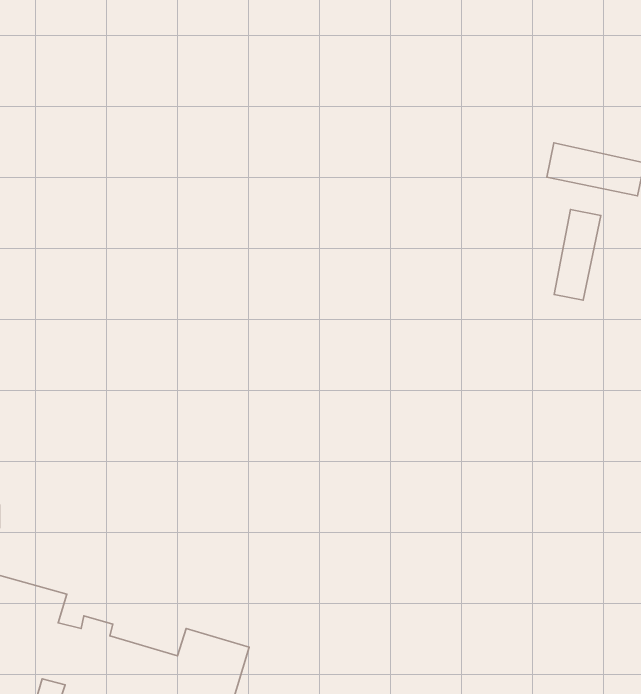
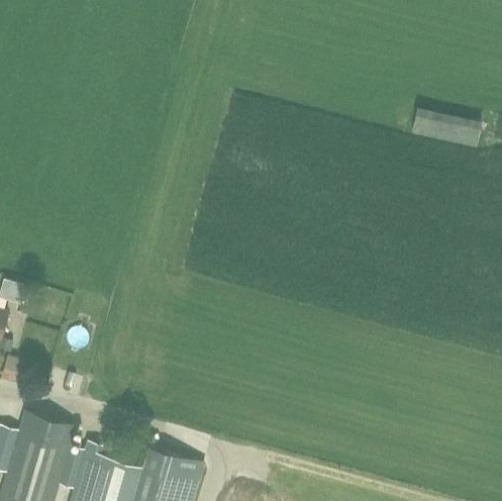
building: [554,209,601,300] -> none

